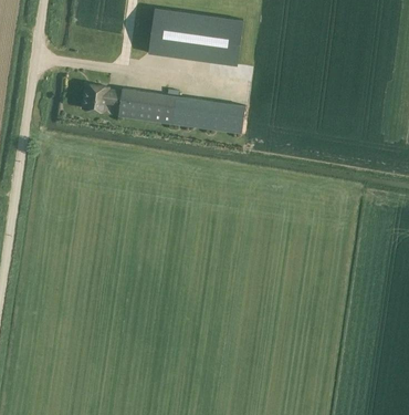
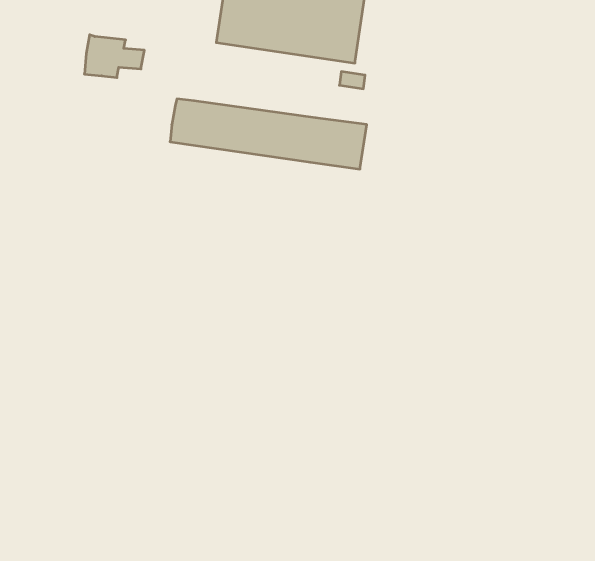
building: [82,83,120,111] -> [84,35,144,78]

